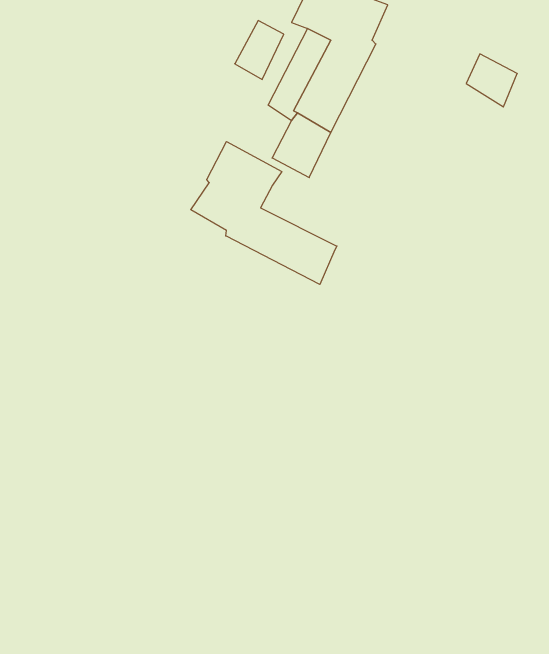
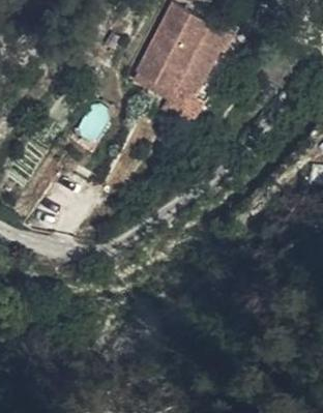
building: [191,142,337,284] -> none

